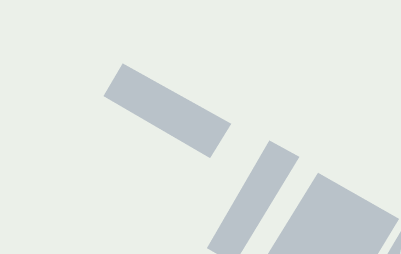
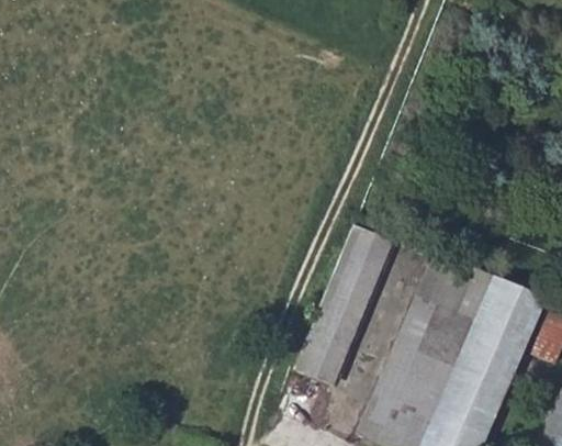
building: [103,63,232,159] -> none

